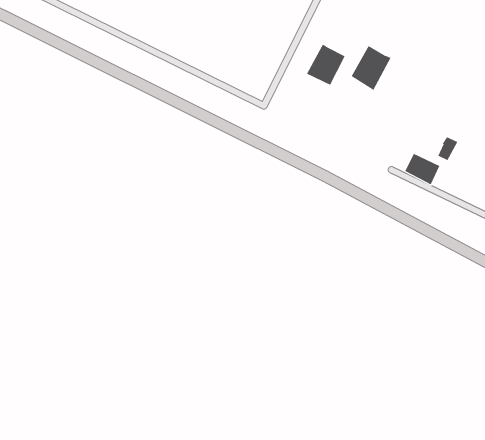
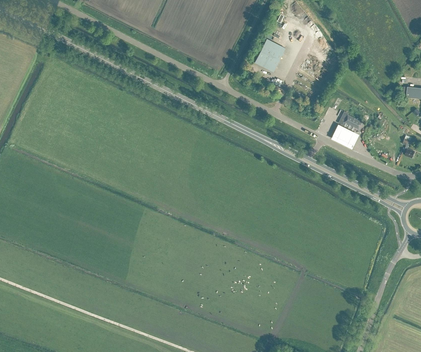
building: [351,45,392,91] -> none

